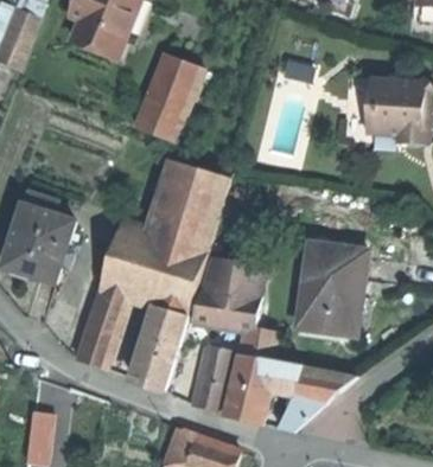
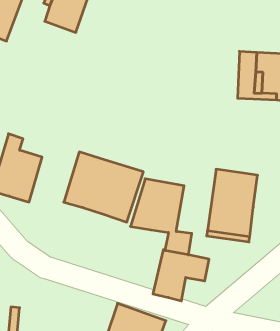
building: [136,46,209,139] -> none
building: [149,158,230,245] -> none
building: [77,287,127,365] -> none
building: [132,303,187,390] -> none
building: [193,325,244,411] -> none
building: [279,365,355,430] -> none

